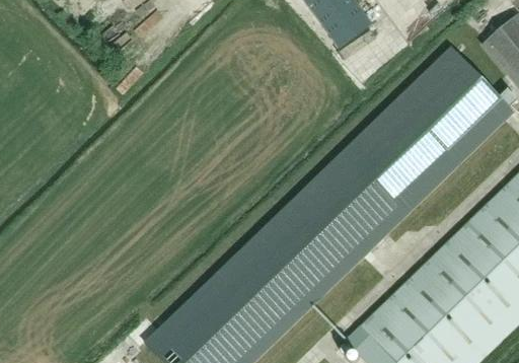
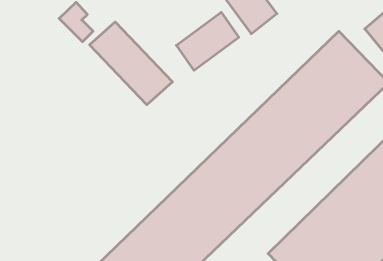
building: none -> [176,12,239,70]
building: none -> [90,22,172,105]

